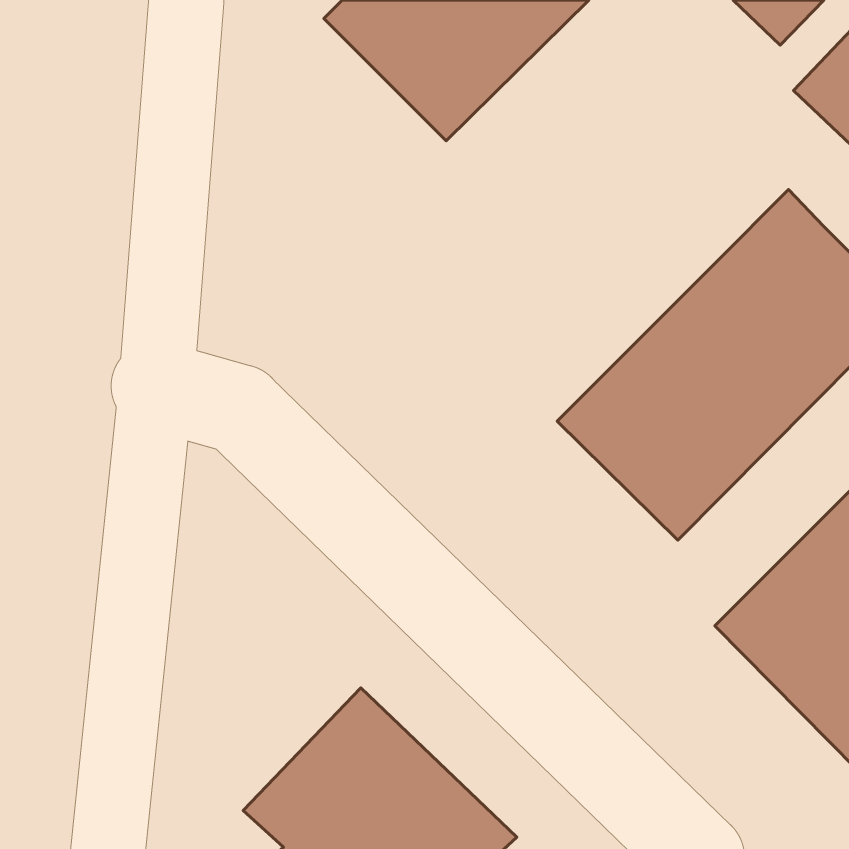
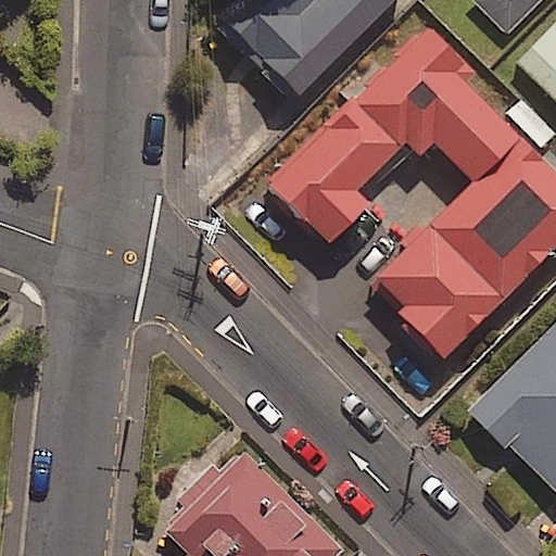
building: none -> [270,23,516,247]

